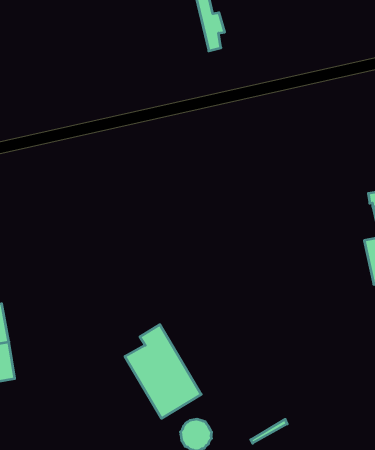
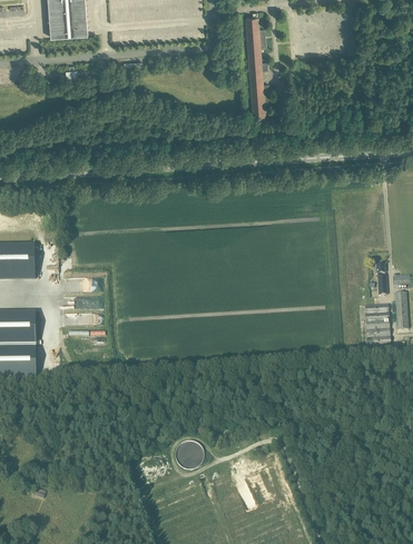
building: [125,325,201,418] -> none

